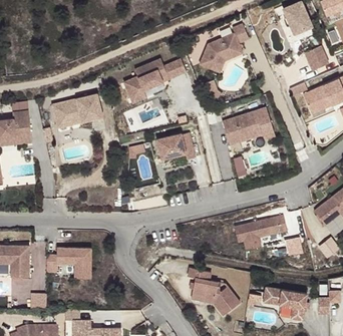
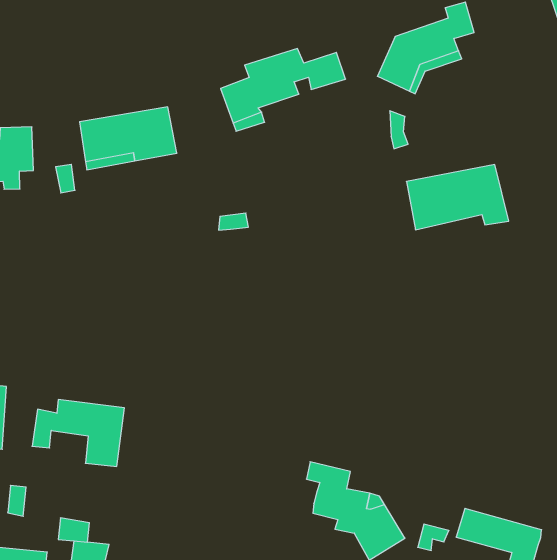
building: [156,132,196,158] -> none
building: [234,216,286,251] -> none

